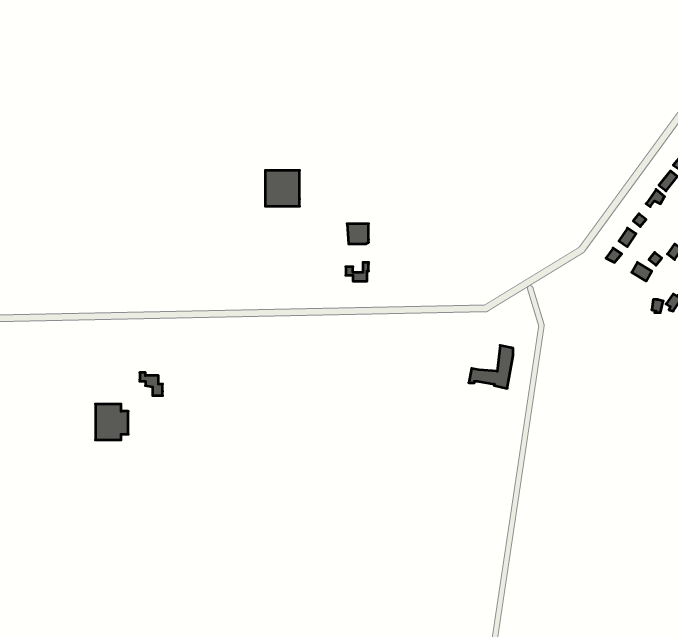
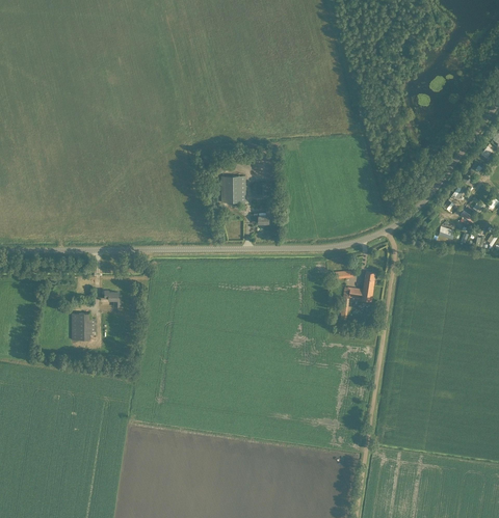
building: [265,170,300,206] -> [221,176,246,202]

